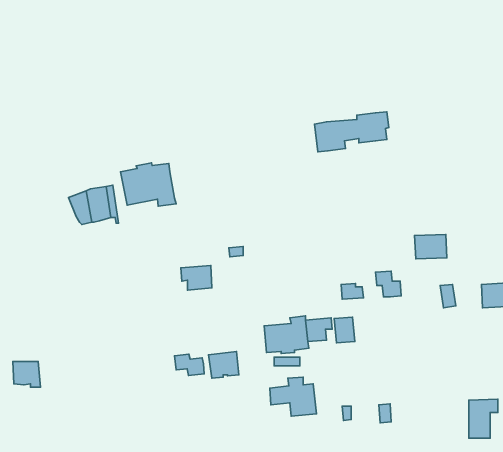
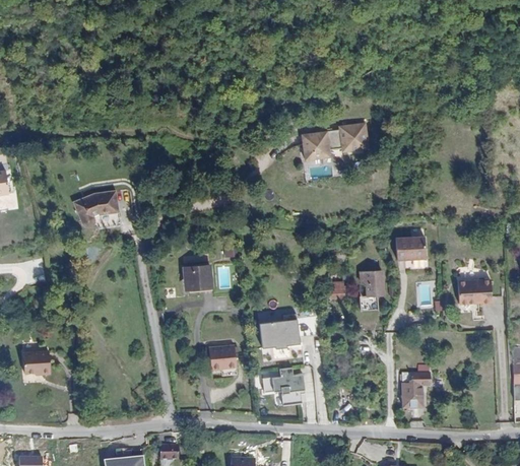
building: [121,163,176,206] -> none
building: [334,317,355,343] -> none
building: [175,354,204,376] -> none
building: [469,399,498,438] -> [400,371,427,406]

